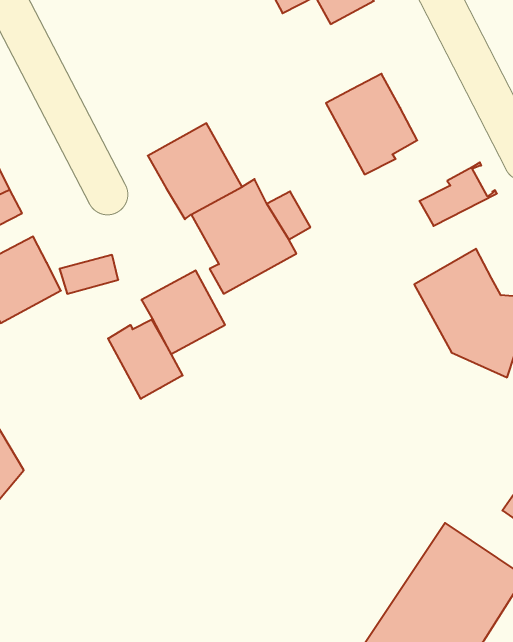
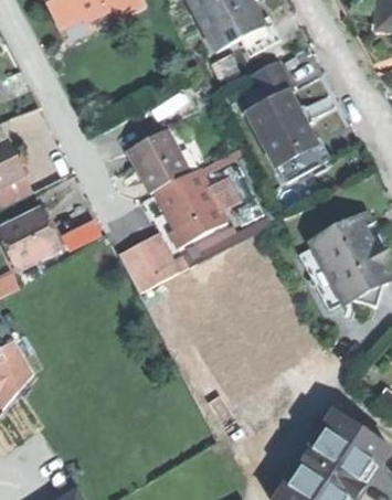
building: none -> [251,60,293,102]
building: [419,162,497,226] -> [275,135,330,180]
building: [108,319,183,399] -> none

